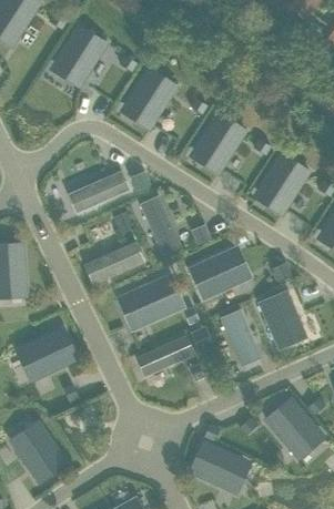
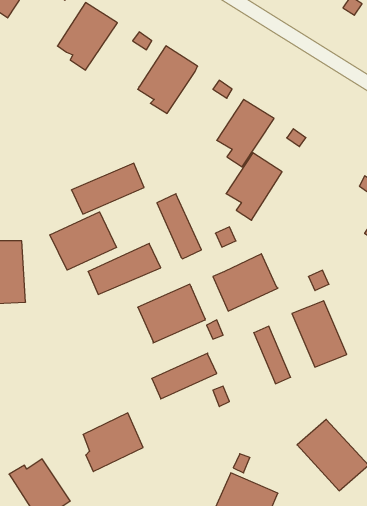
building: [257,154,306,213] -> [226,153,282,220]
building: none -> [50,212,117,270]
building: [22,329,74,380] -> [83,413,143,472]

